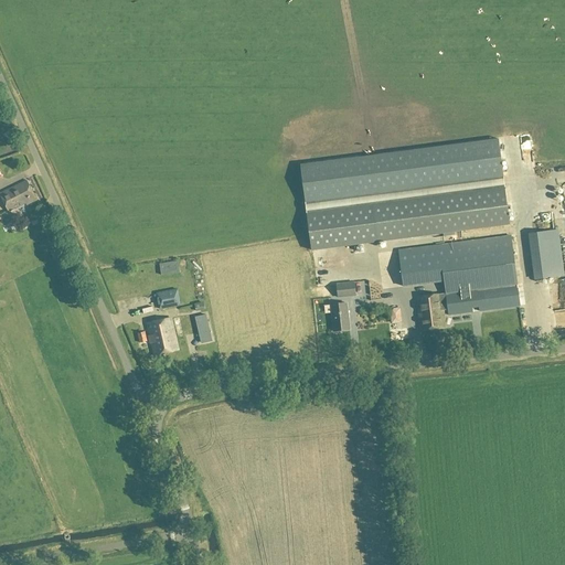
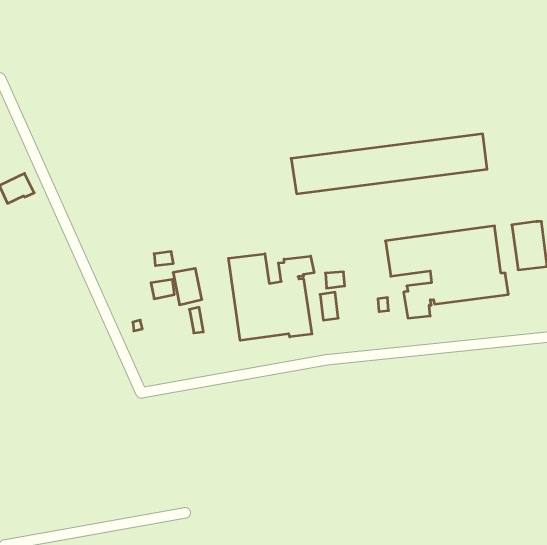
building: [306,185,510,249] -> none
building: none -> [228,254,314,340]
building: [147,317,177,354] -> [173,268,202,305]

